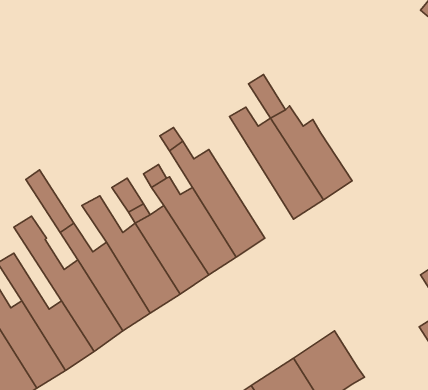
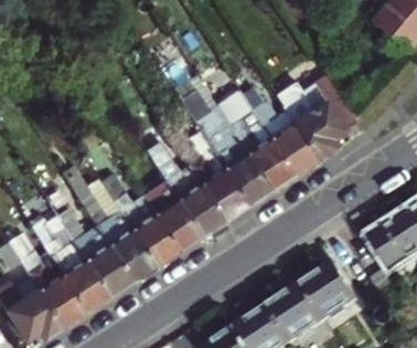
building: none -> [271,72,356,159]
building: none -> [175,87,267,205]
building: none -> [300,260,356,318]

